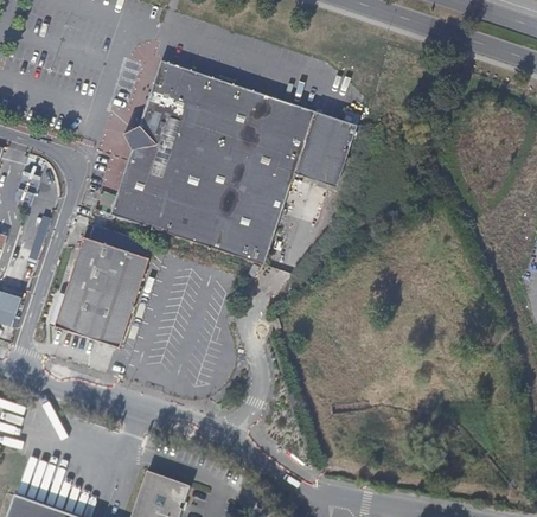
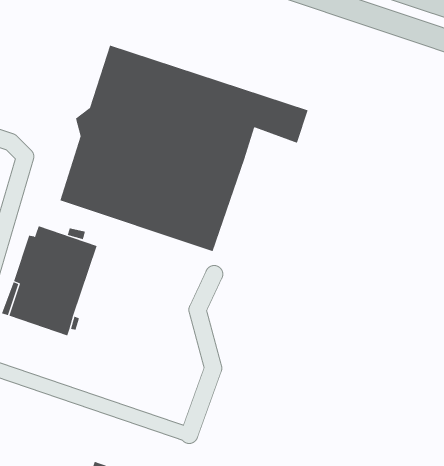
building: [295,140,347,184] -> none

